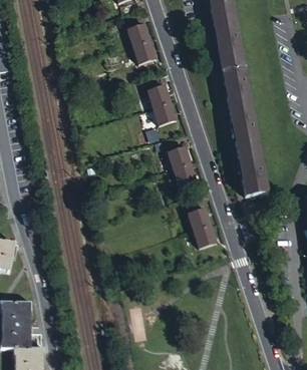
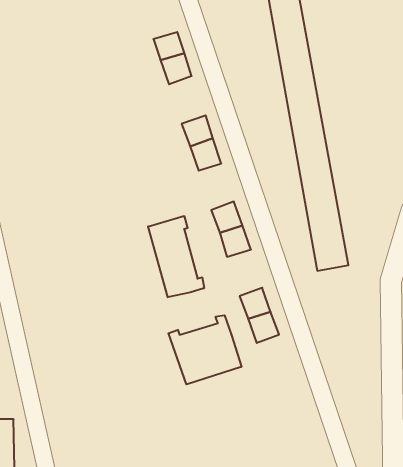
building: none -> [148,216,204,297]
building: none -> [168,315,241,384]

